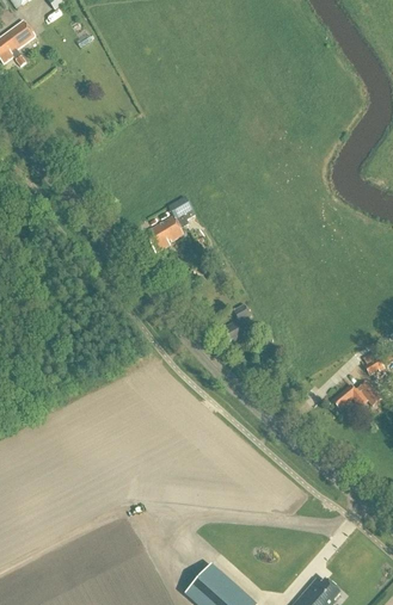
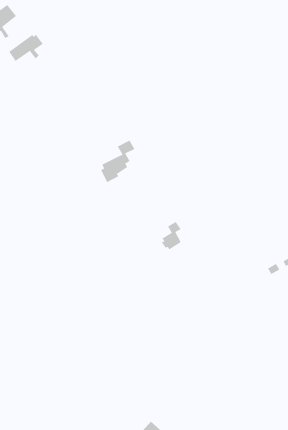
building: none -> [8,34,44,62]
building: [331,381,381,408] -> none

